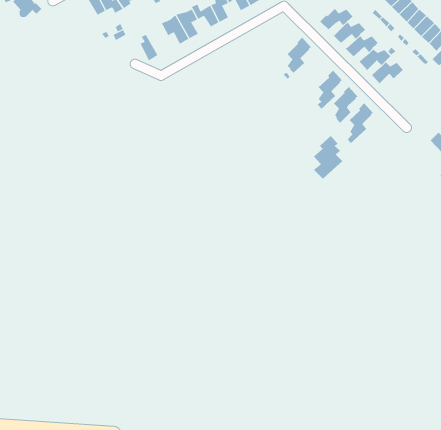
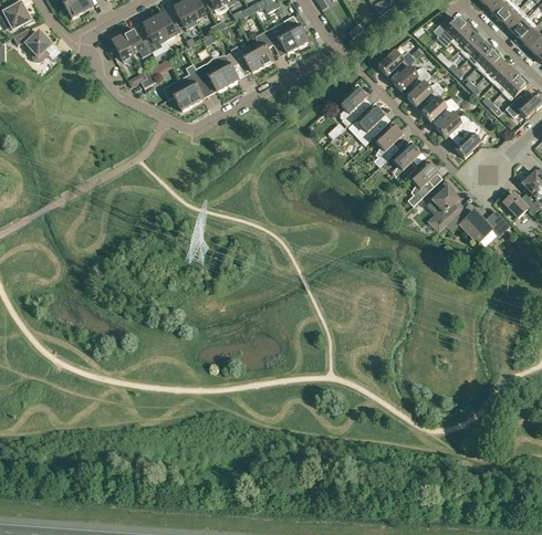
building: none -> [178,63,204,104]
building: none -> [348,102,386,144]
building: none -> [455,120,480,157]
building: [313,135,343,180] -> [427,180,461,231]
building: none -> [459,209,511,241]

